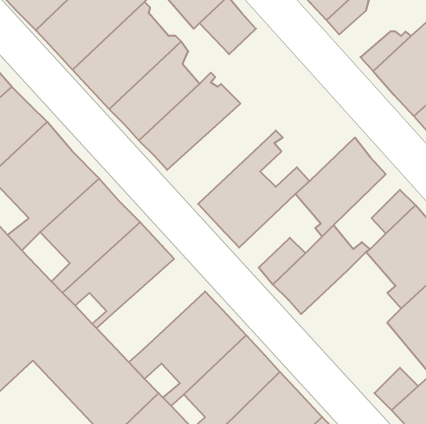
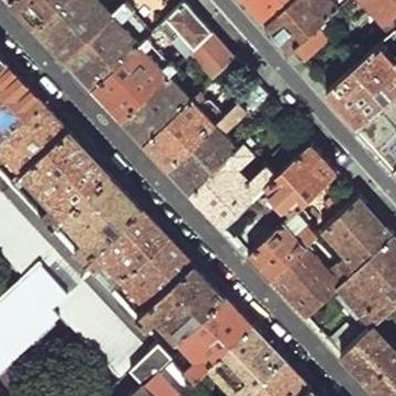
building: none -> [166,87,270,197]
building: none -> [122,240,195,310]
building: none -> [270,249,348,320]

